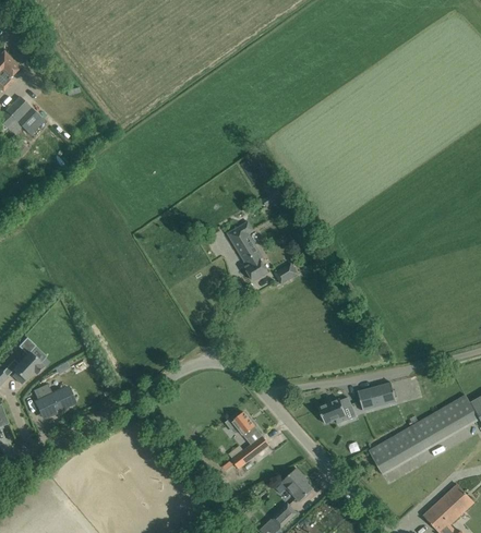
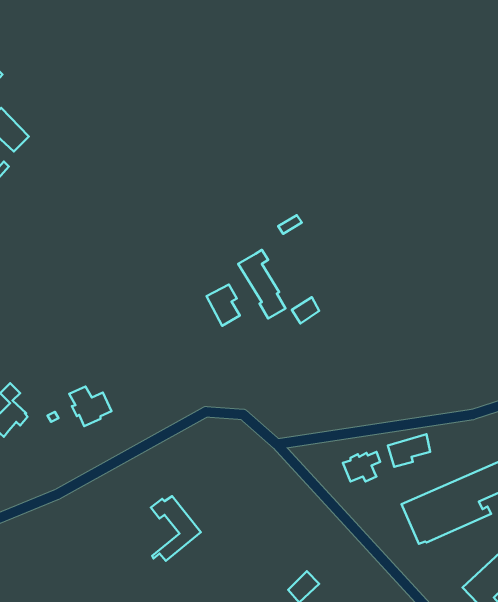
building: none -> [206,284,240,326]
building: [33,384,70,419] -> [69,386,112,426]
building: [226,412,269,469] -> [151,496,201,561]
building: [282,468,313,500] -> none

